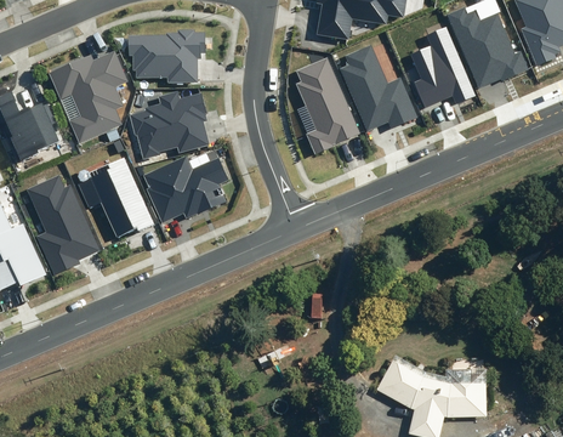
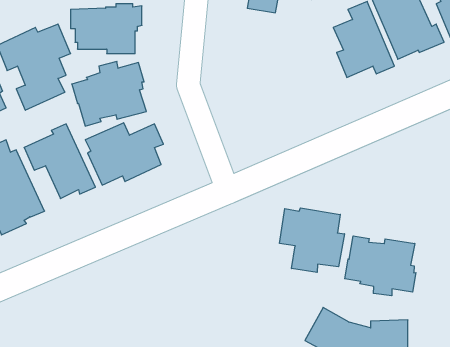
building: [339,44,416,130] -> none
building: [295,57,358,152] -> none
building: none -> [280,208,344,272]
building: none -> [345,236,416,296]

